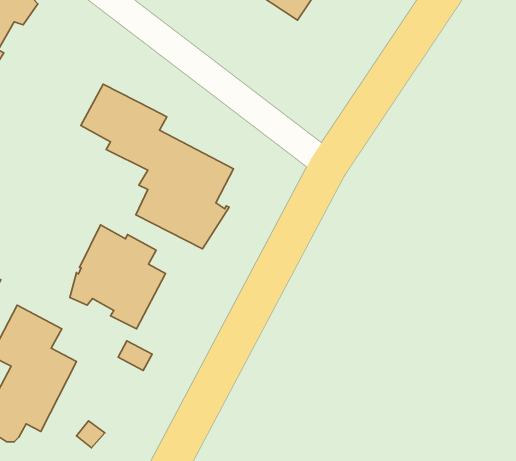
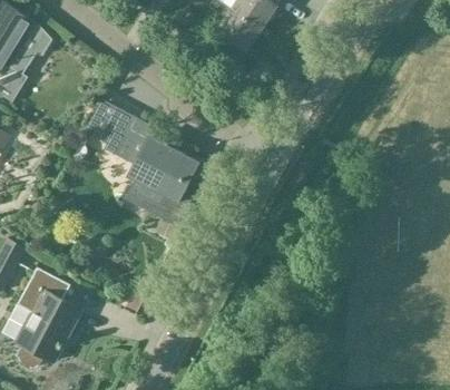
building: [70,225,166,329] -> none

